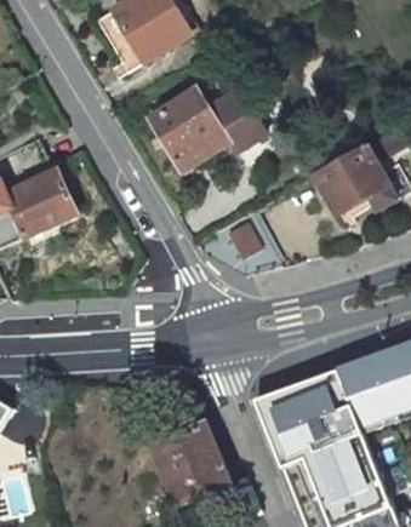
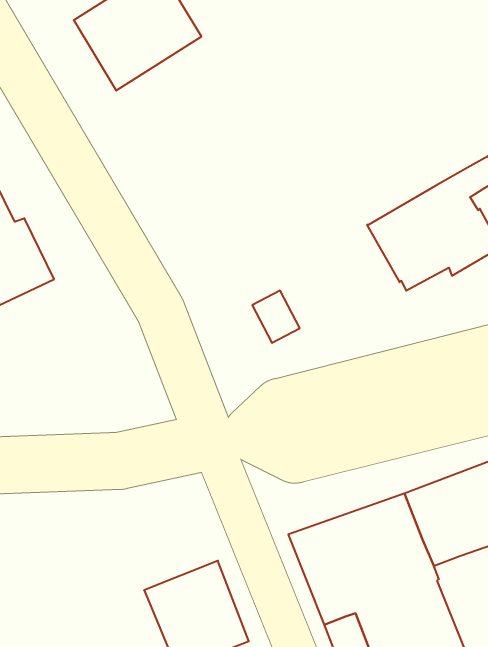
building: [149,88,263,165] -> none

